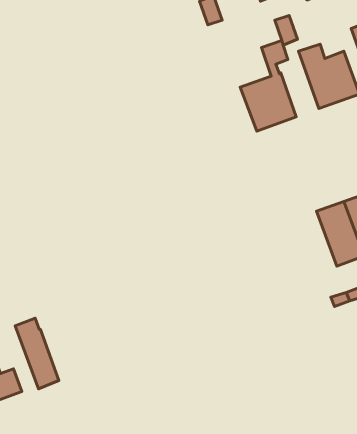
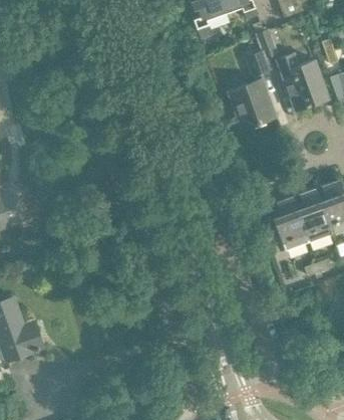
building: none -> [259,196,310,251]
building: [15,318,59,389] -> none

